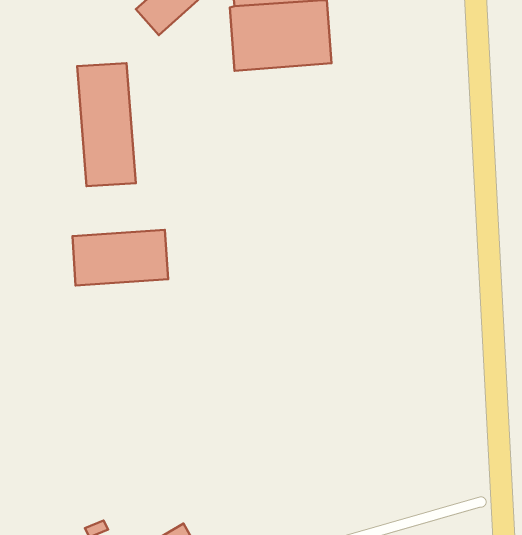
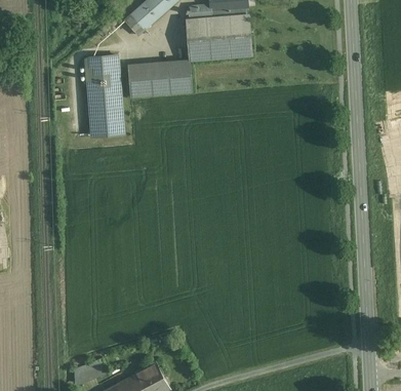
building: [72,230,168,285] -> [127,60,191,96]

